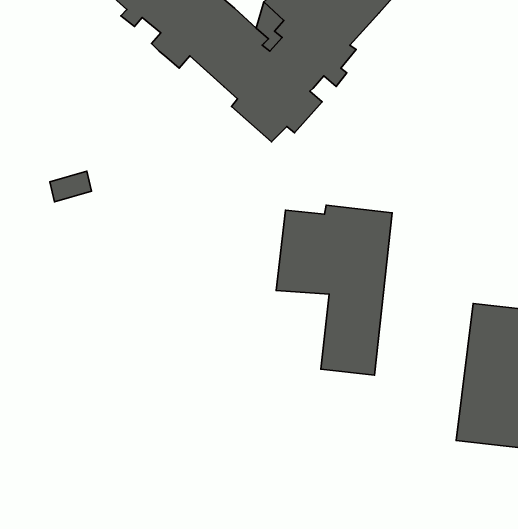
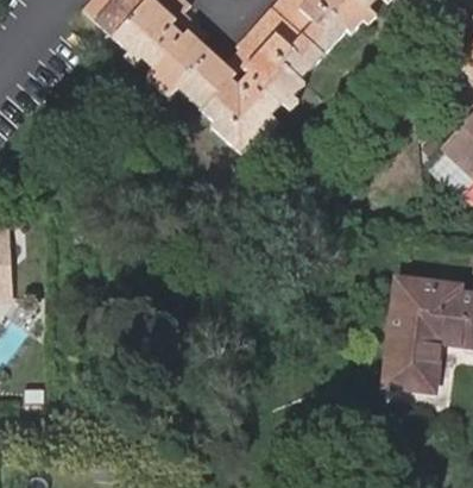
building: [276,205,392,375] -> none

